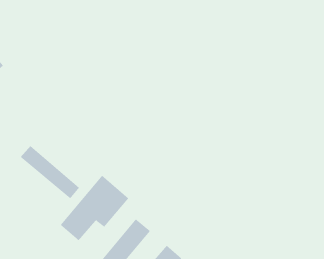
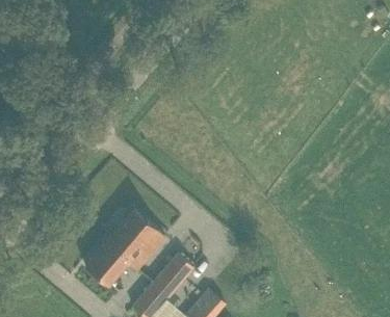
building: [20,145,80,199] -> none

